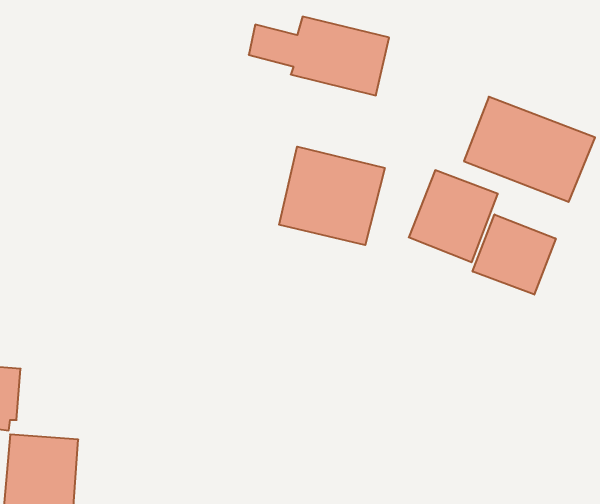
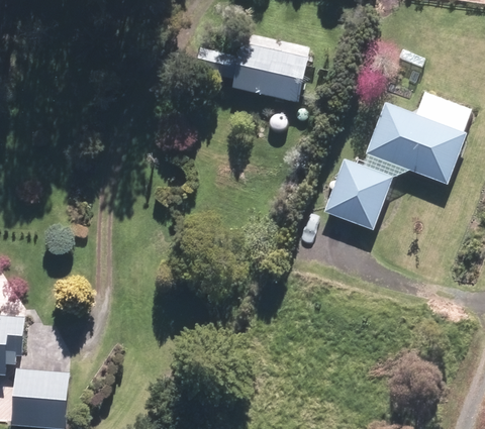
building: [279,147,385,245] -> none
building: [473,214,556,295] -> none

